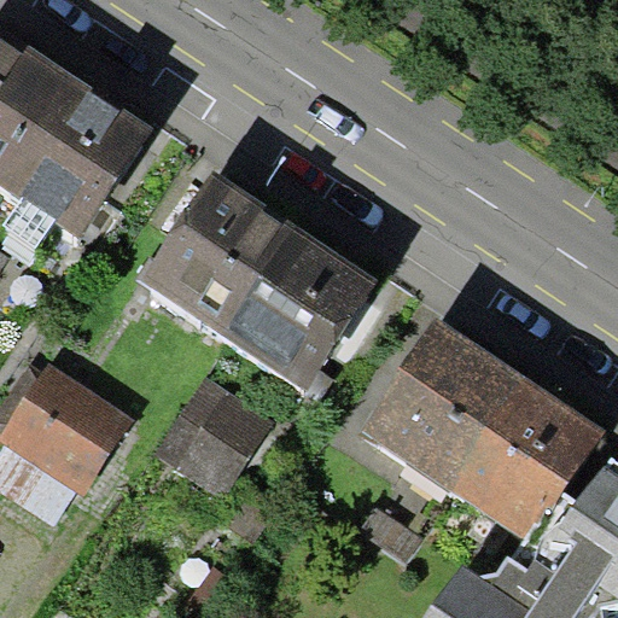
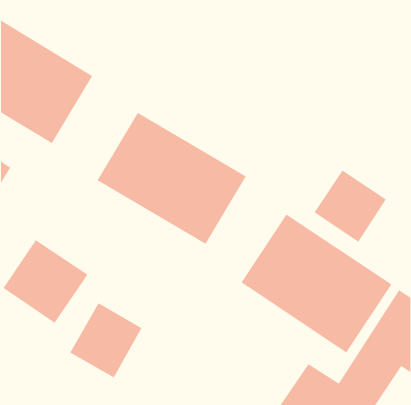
building: none -> [314,170,387,243]
building: [169,390,279,505] -> [69,302,142,379]

